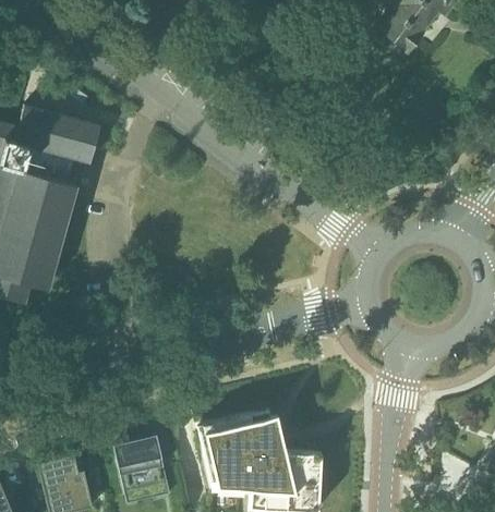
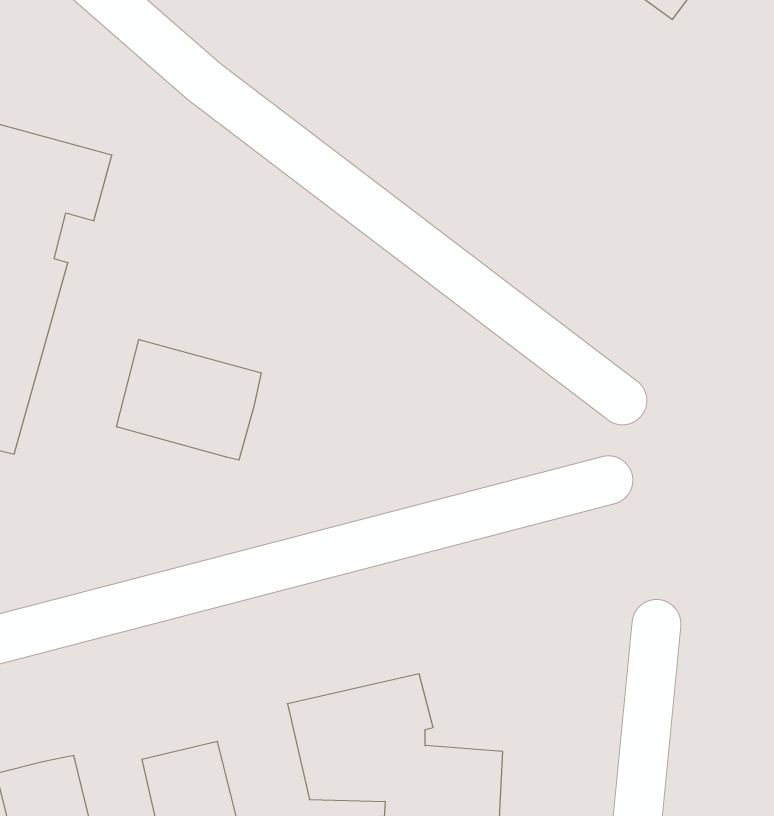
building: none -> [117,339,261,460]

